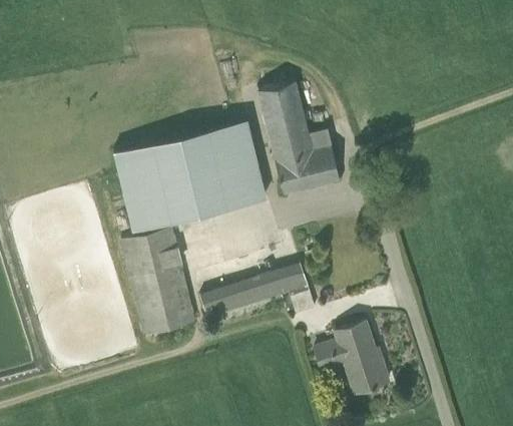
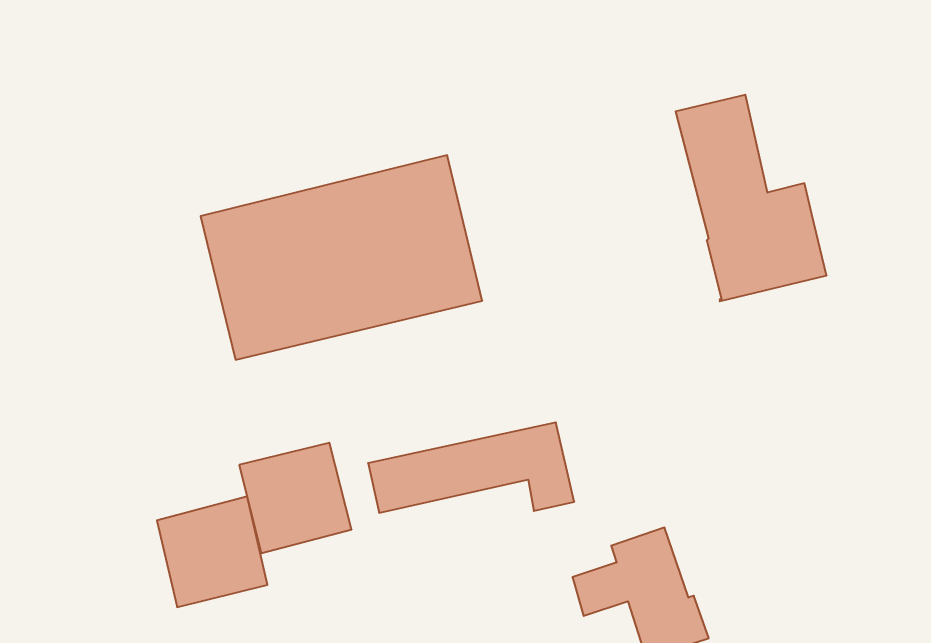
building: [258,82,340,194] -> [676,95,827,301]
building: [122,229,182,289] -> [157,496,267,607]

